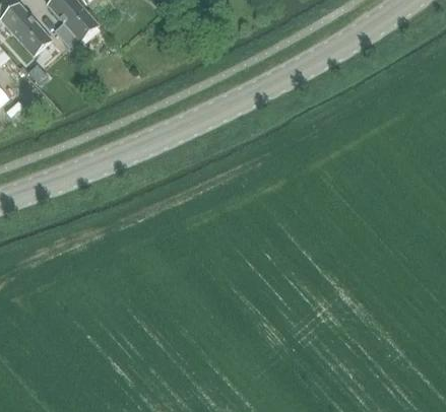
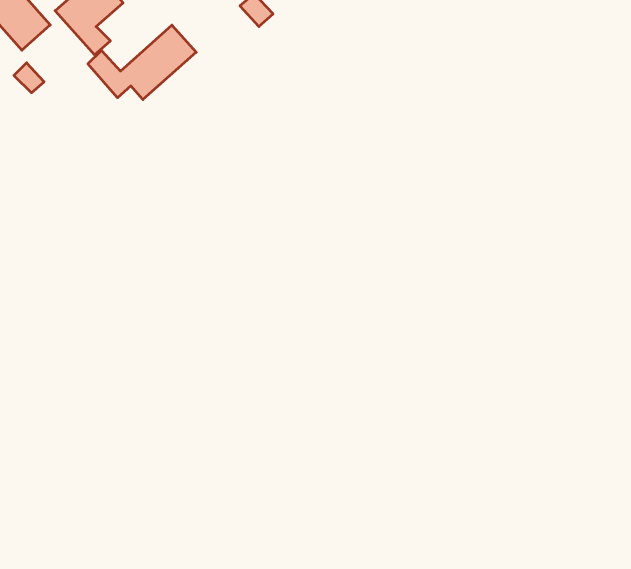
building: none -> [88,25,196,100]

